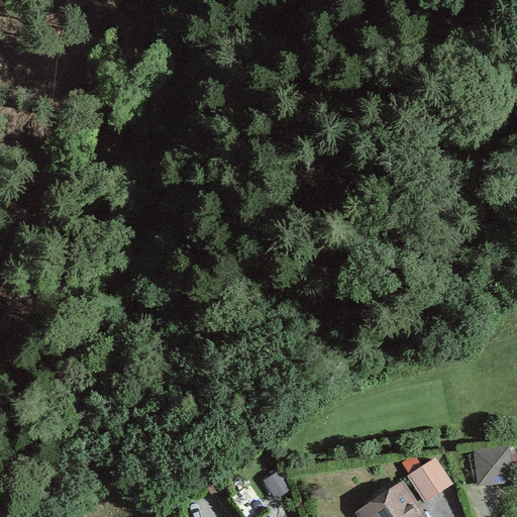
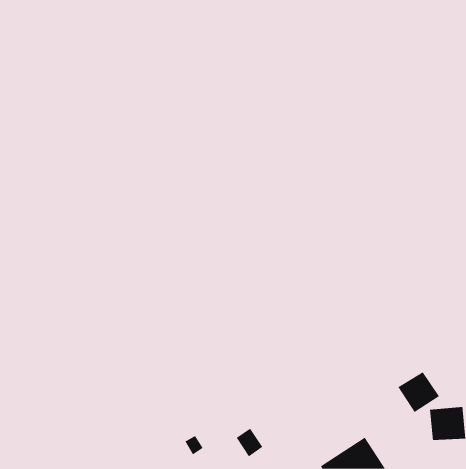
building: [408,458,454,504] -> [398,371,440,413]

